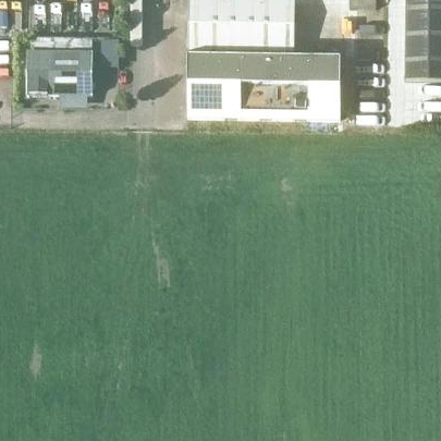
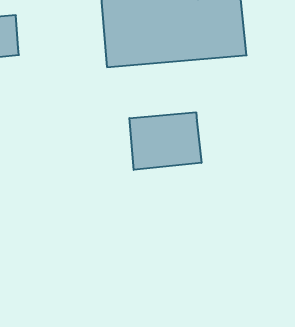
building: none -> [129,112,201,170]

